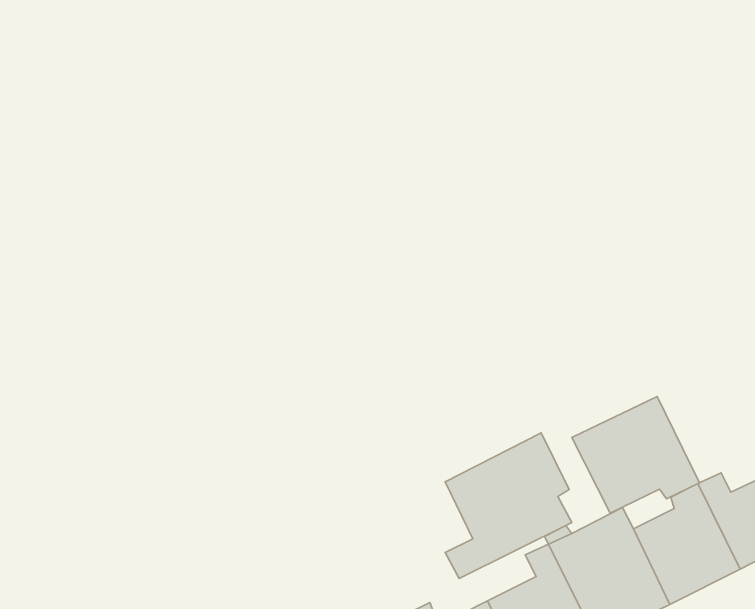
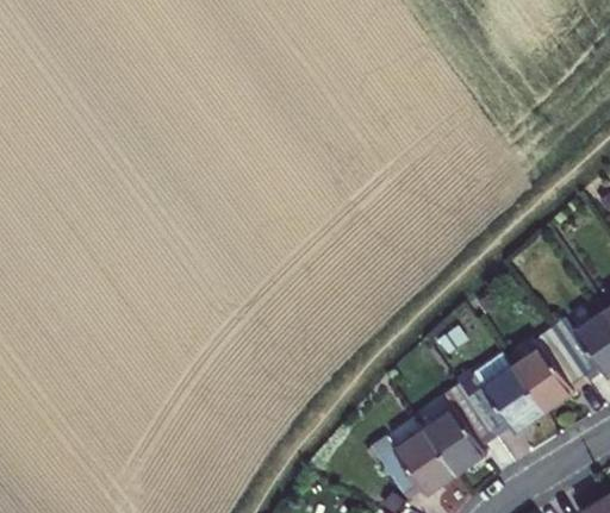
building: [572,396,700,513] -> none
building: [445,433,572,578] -> none

